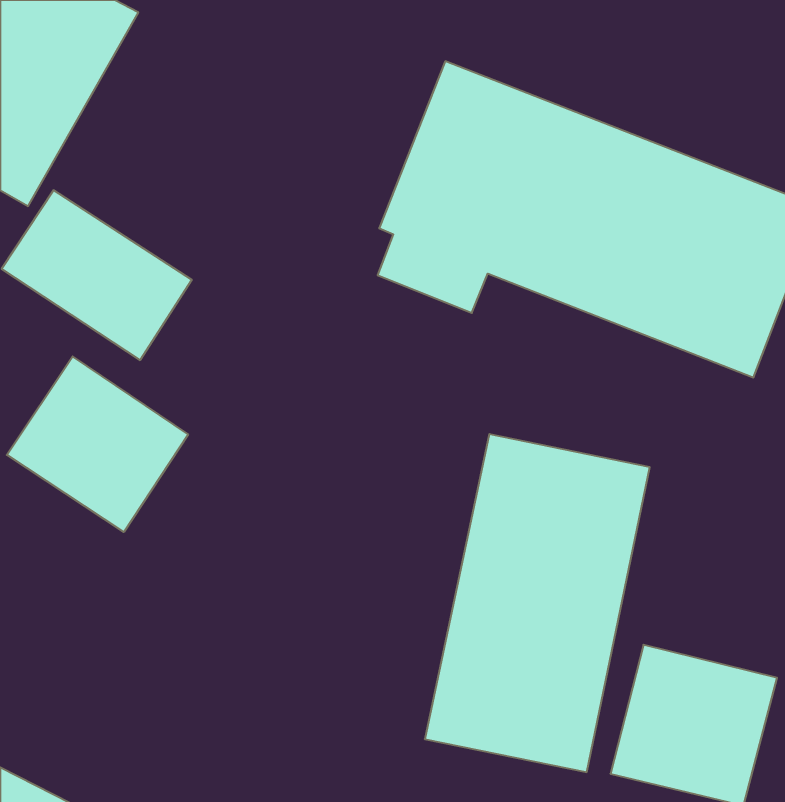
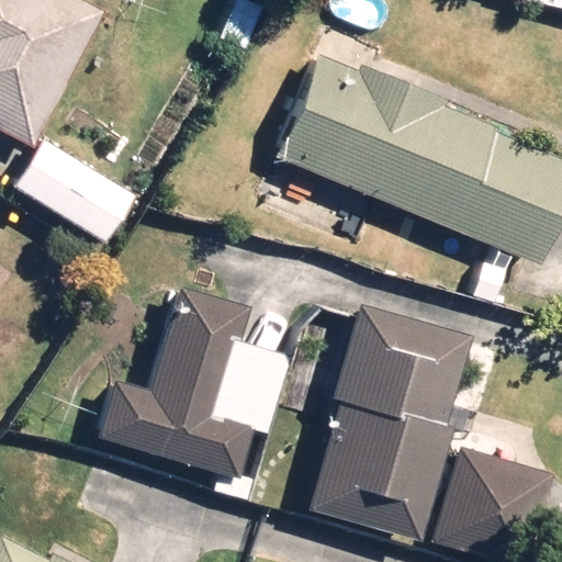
building: [7,356,188,532] -> none
building: none -> [99,316,290,474]

